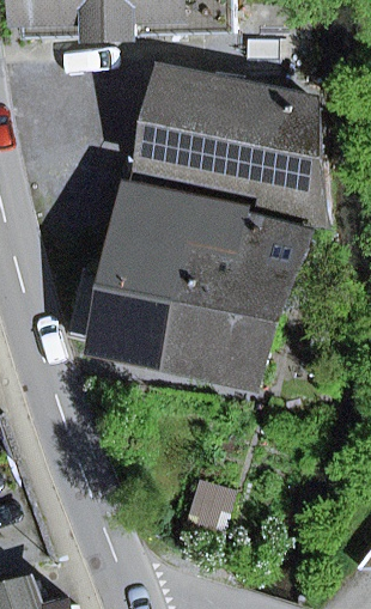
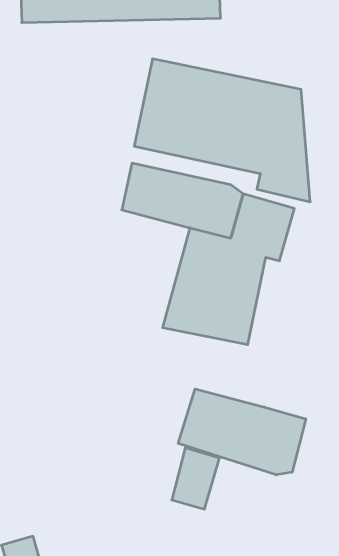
building: [71,227,202,352] -> none
building: none -> [178,389,306,475]

